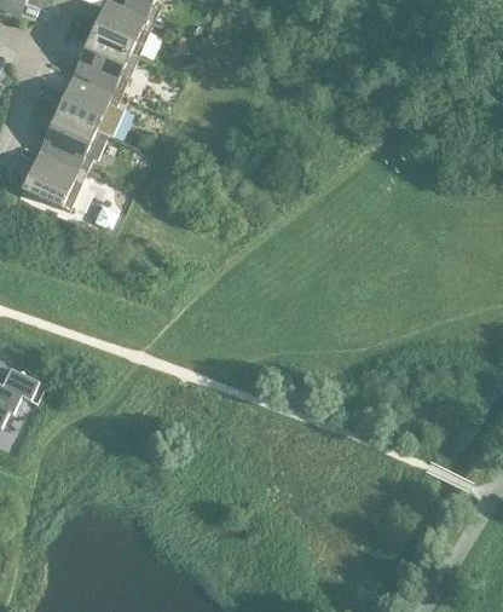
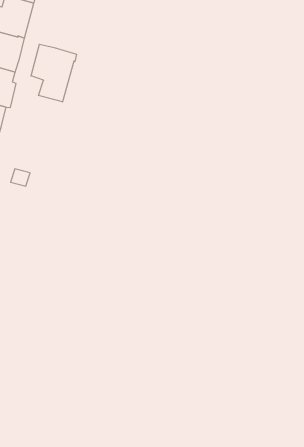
building: none -> [31,44,77,102]

